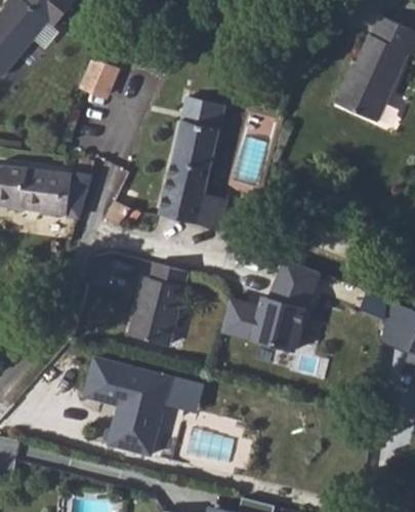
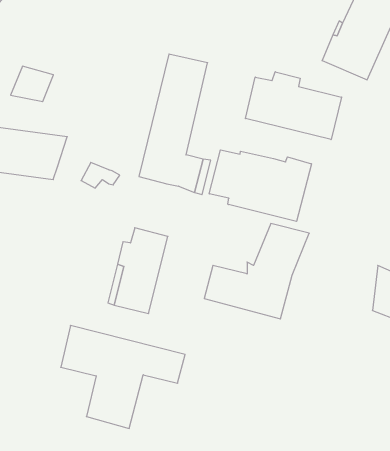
building: [78,60,119,93] -> [11,66,53,102]
building: none -> [245,72,342,140]
building: none -> [209,150,311,221]

